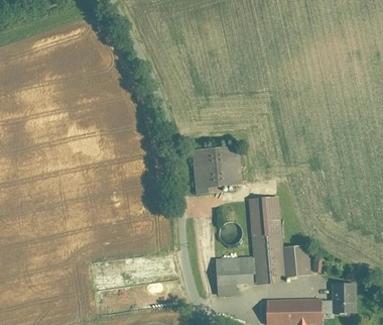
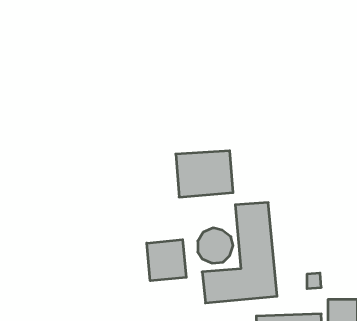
building: none -> [147,240,186,281]
building: [283,246,309,280] -> none

